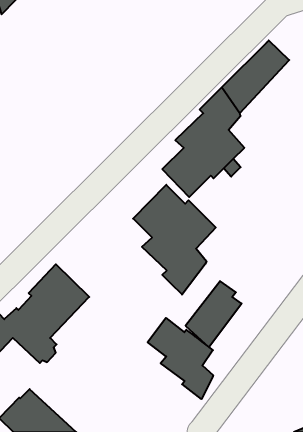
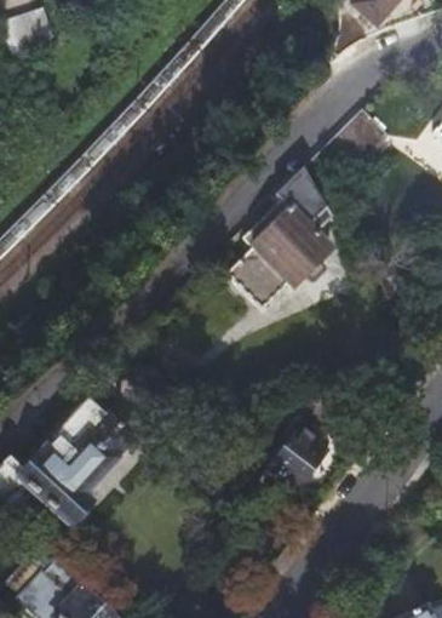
building: [133,185,216,295] -> none
building: [148,318,213,399] -> none

